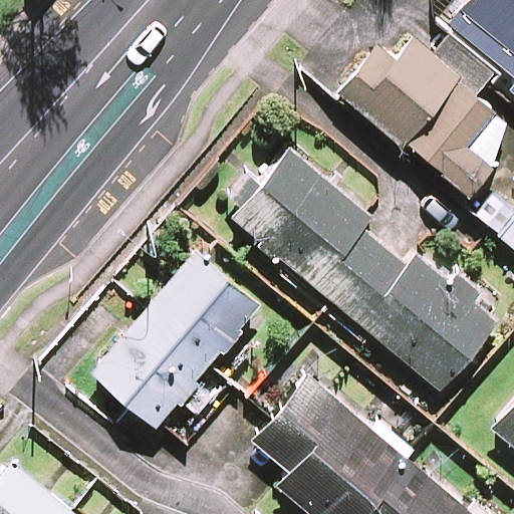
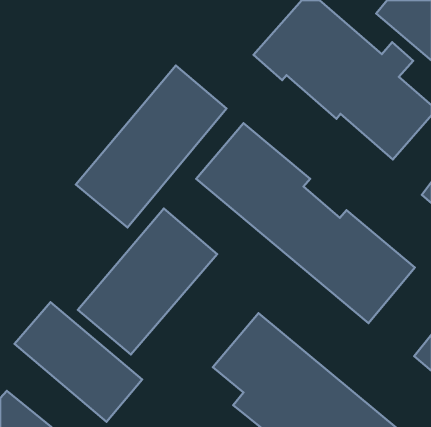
building: none -> [76,65,227,228]
building: none -> [15,302,142,422]

